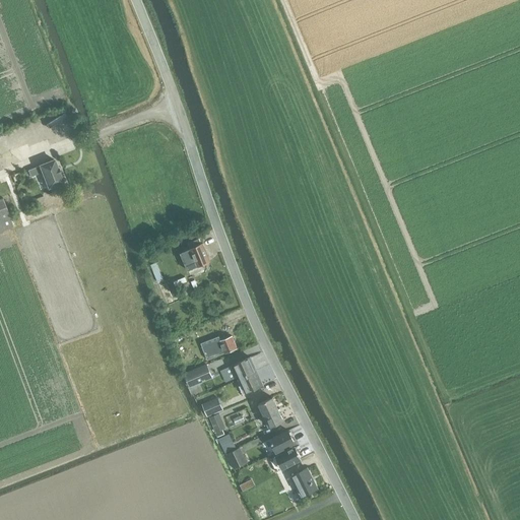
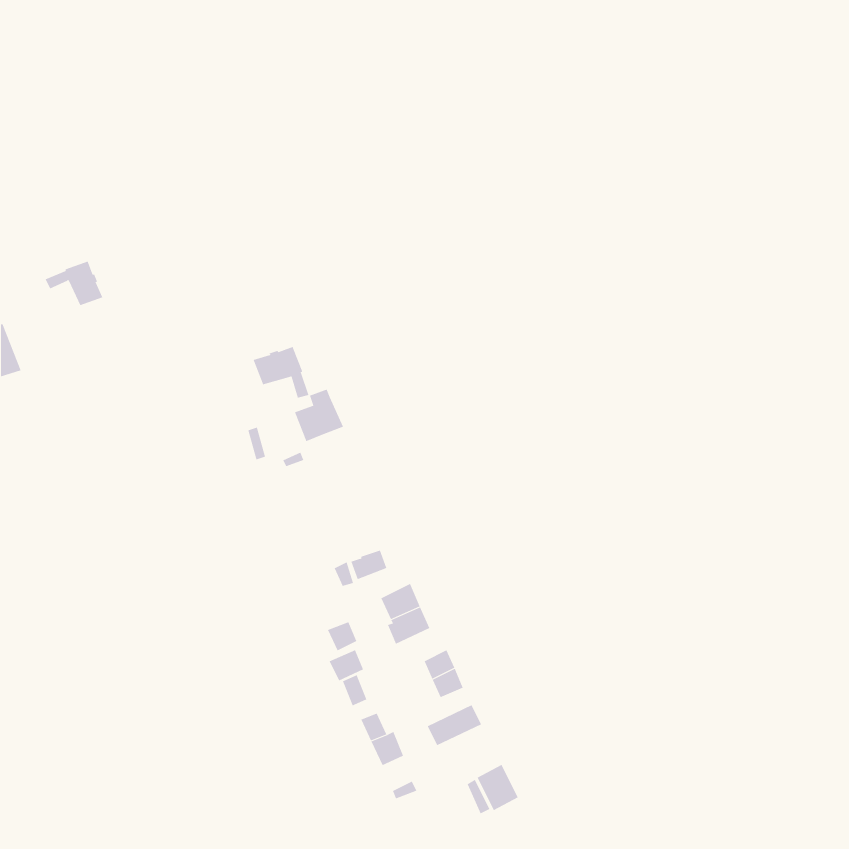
building: none -> [253,346,309,398]
building: [184,363,213,387] -> none
building: [270,445,302,470] -> none

